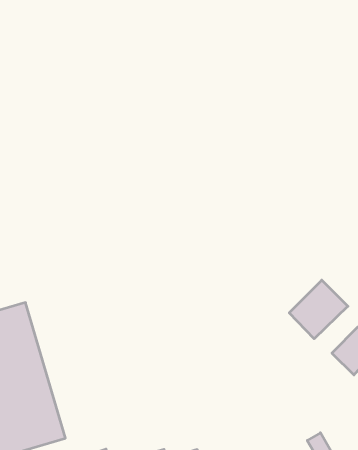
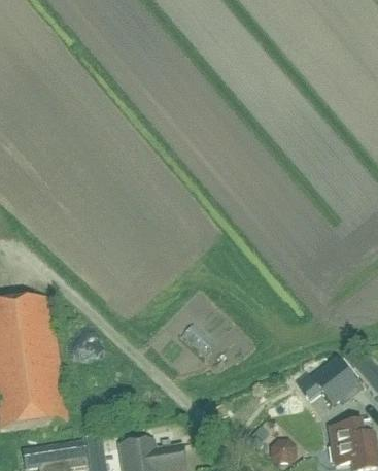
building: [289,280,348,339] -> none

